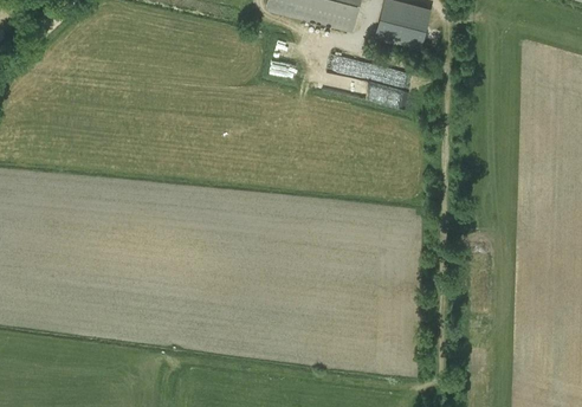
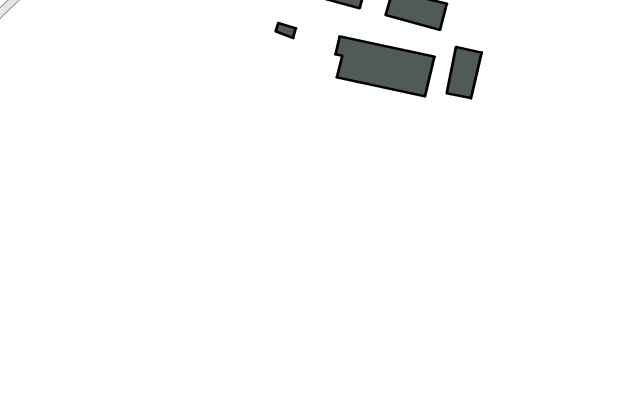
building: none -> [447,47,482,98]

